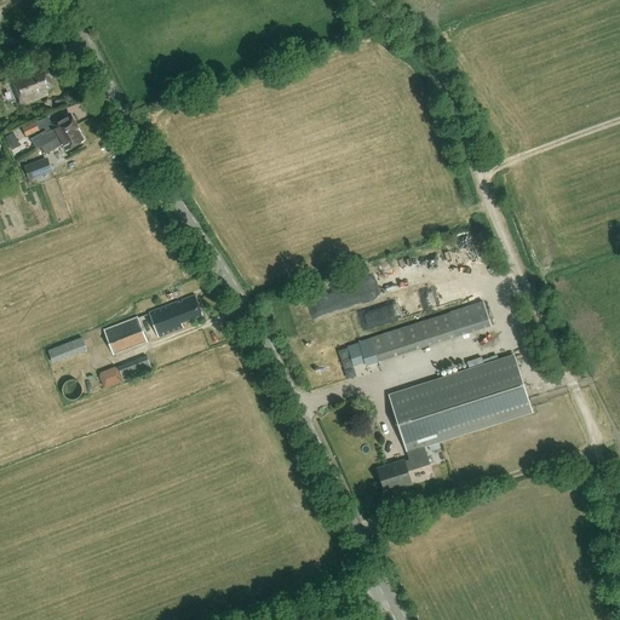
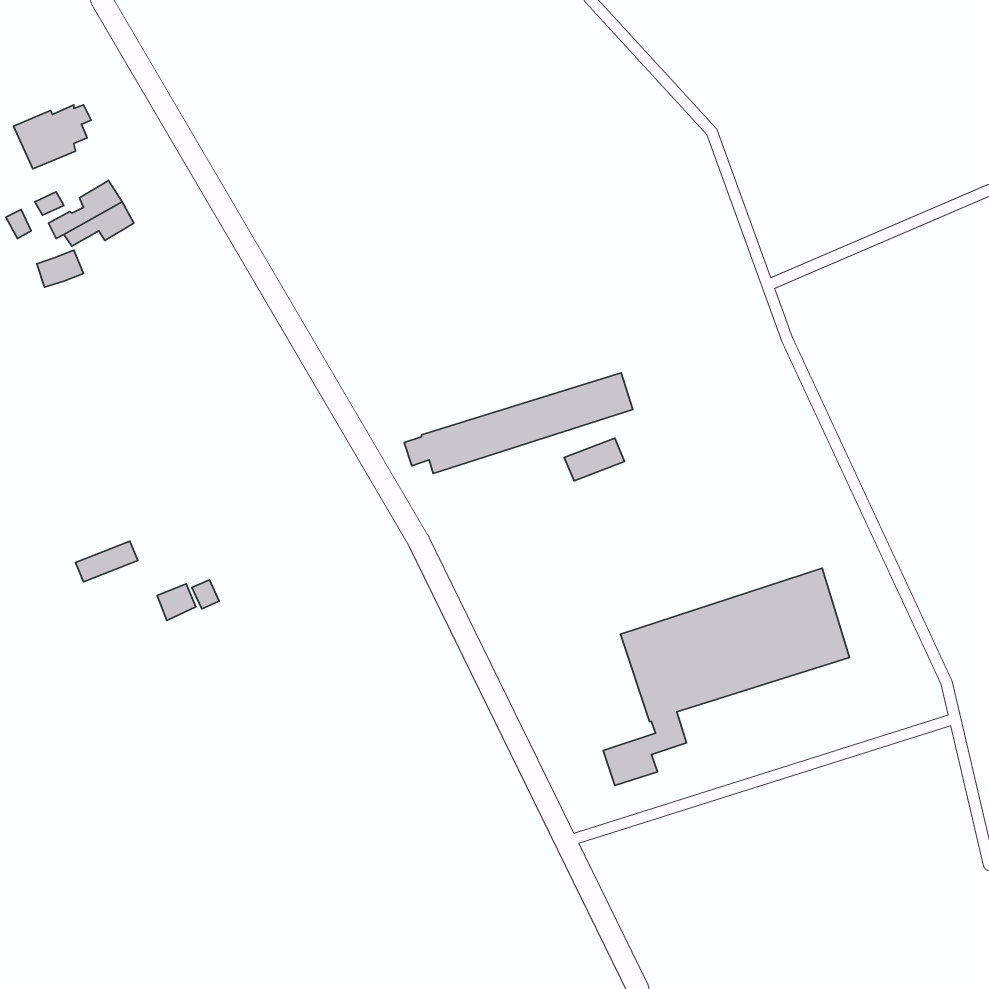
building: [148,295,201,338] -> none
building: [346,302,489,364] -> [404,373,633,474]
building: [103,317,147,356] -> none

